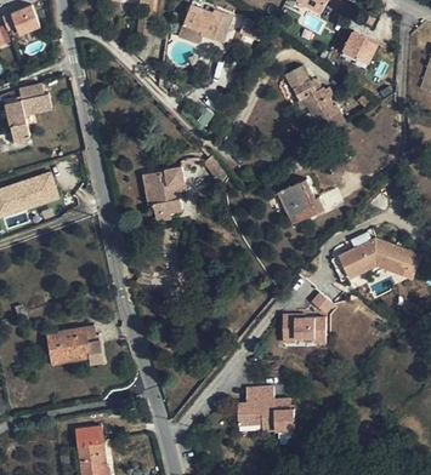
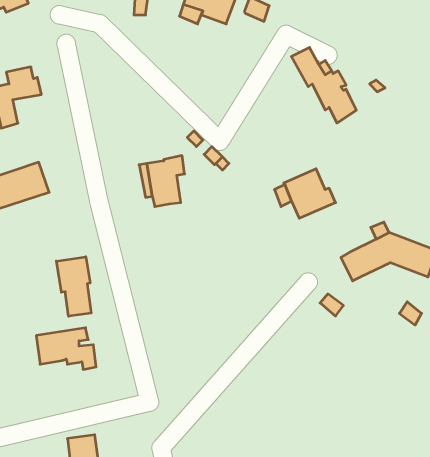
building: [341,32,376,64] -> none
building: none -> [56,257,91,316]
building: [283,315,327,344] -> none
building: [237,387,294,431] -> none

